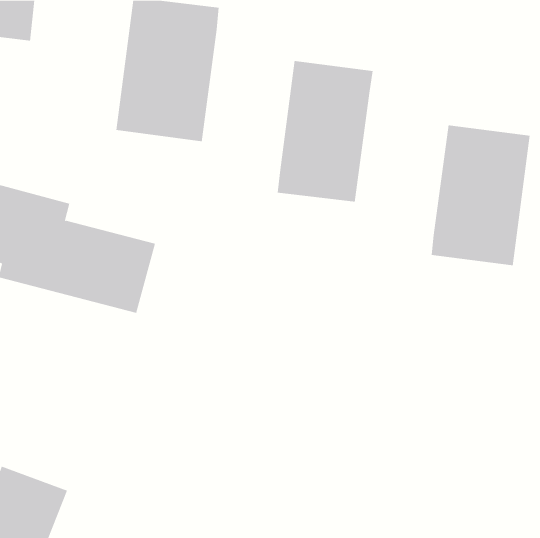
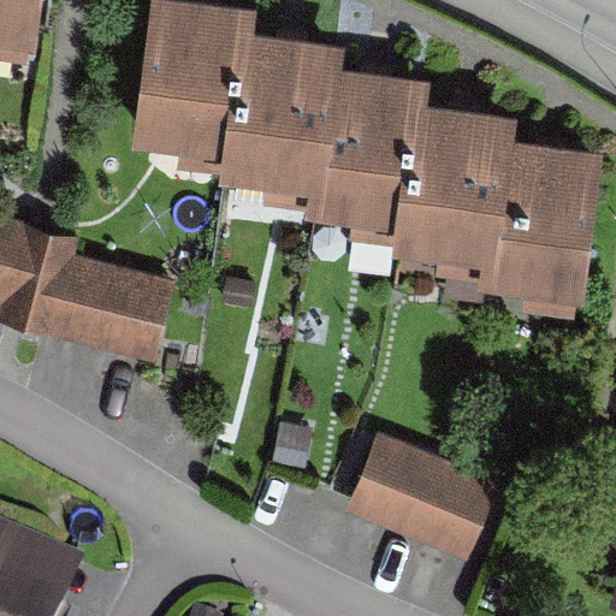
building: none -> [226,37,337,200]
building: none -> [401,109,510,271]
building: none -> [344,431,499,559]

